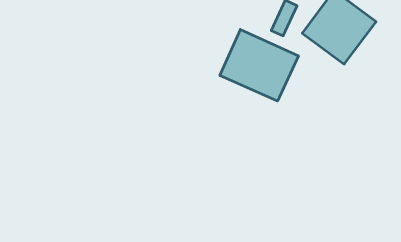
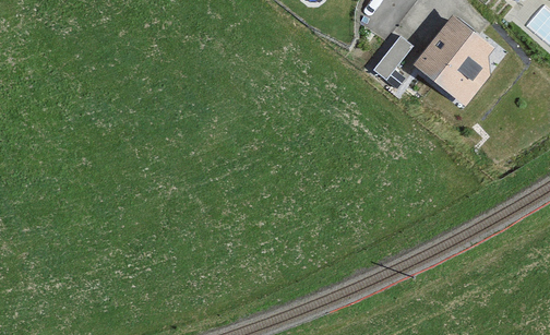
building: [220,29,298,101] -> none

